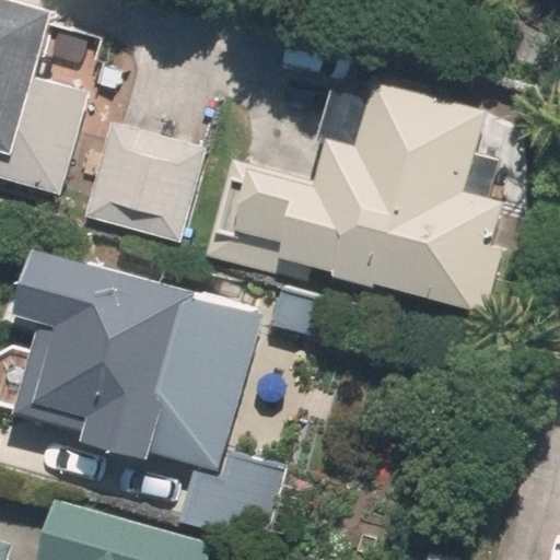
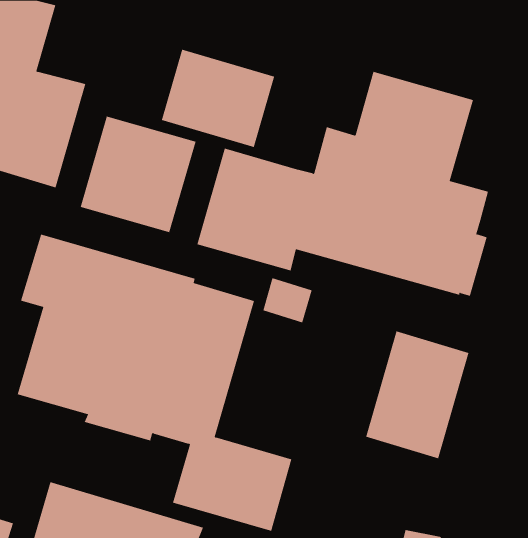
building: none -> [161,49,275,148]
building: none -> [365,331,469,459]

